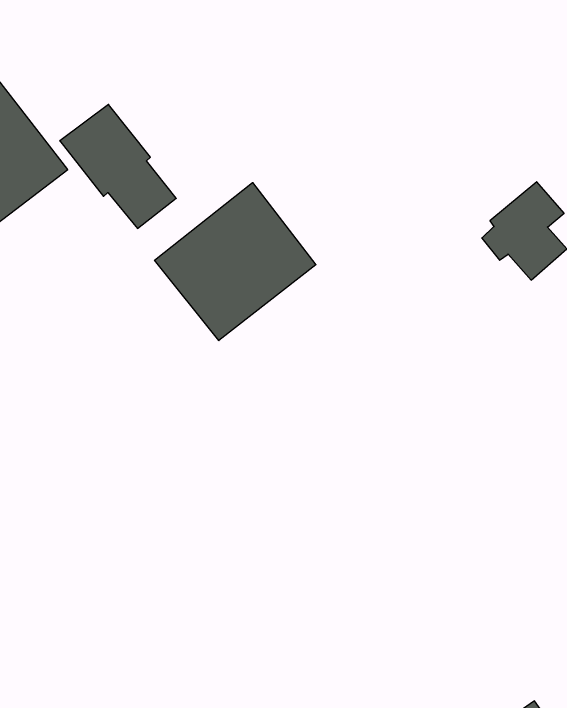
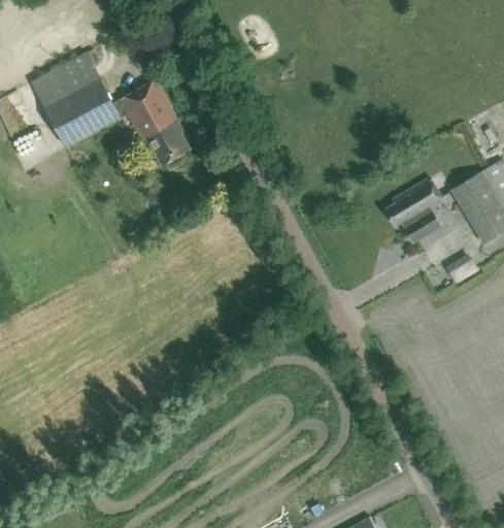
building: [155,183,316,341] -> none

